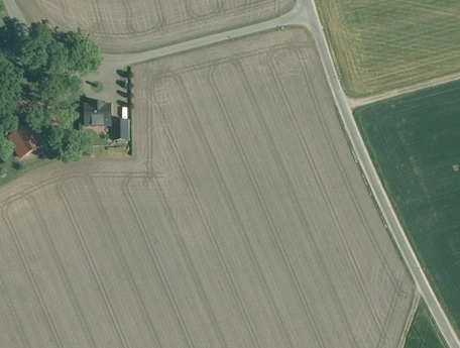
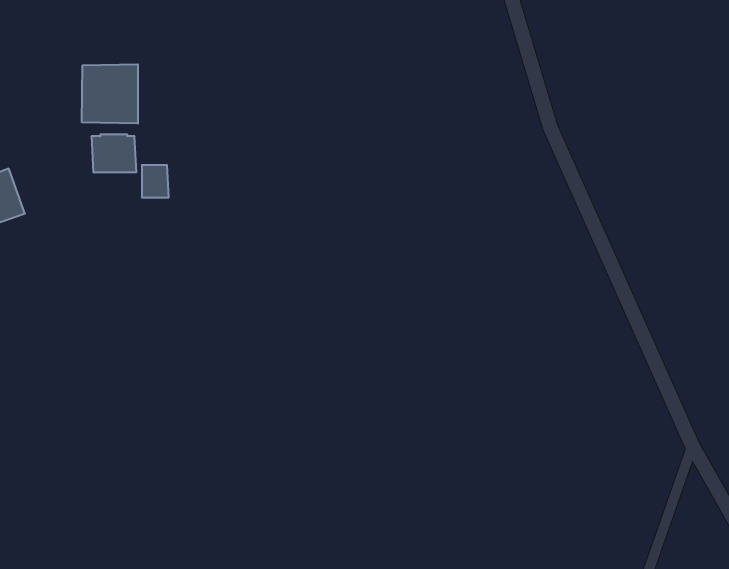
building: none -> [82,64,138,124]

